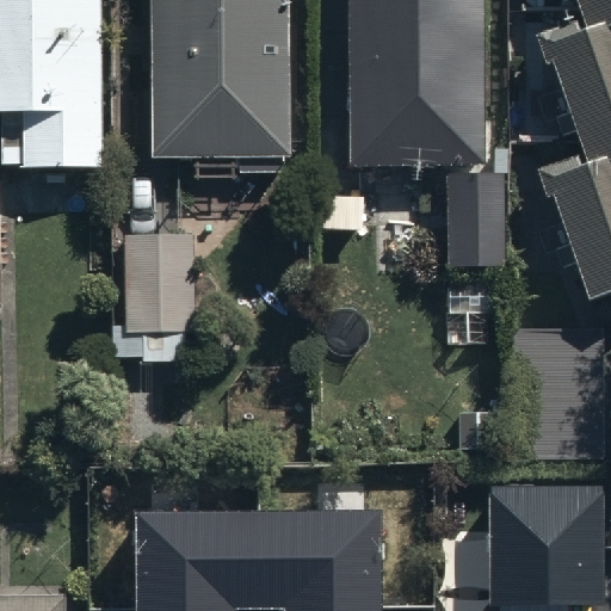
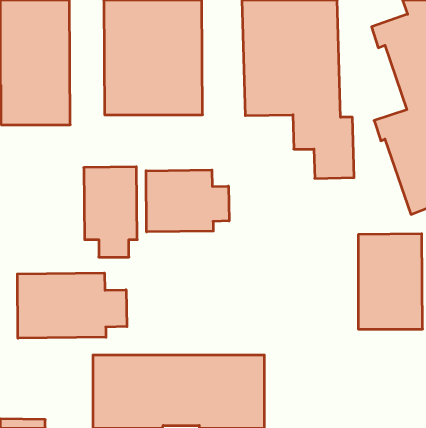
building: none -> [146,170,229,232]
building: none -> [17,273,127,338]
building: [488,482,604,603] -> none

